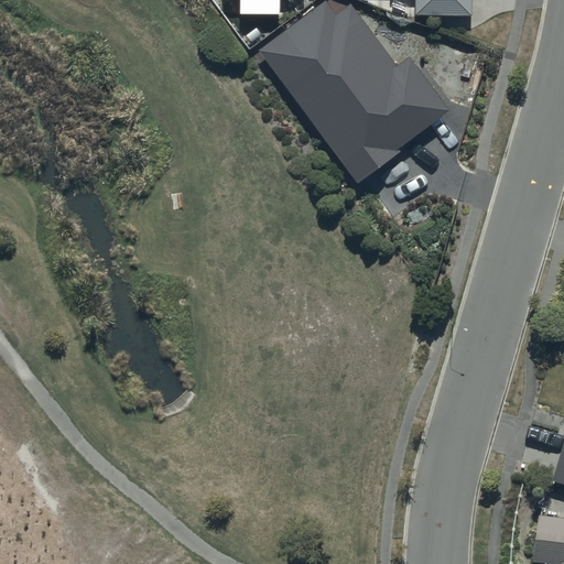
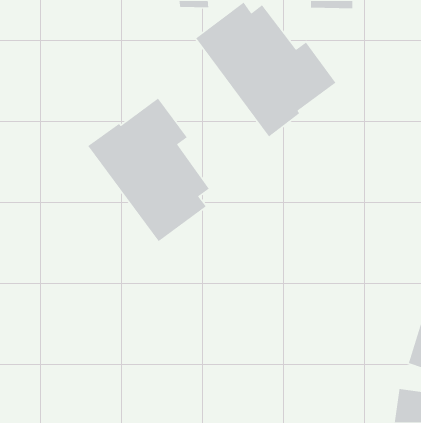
building: none -> [87,97,210,242]

